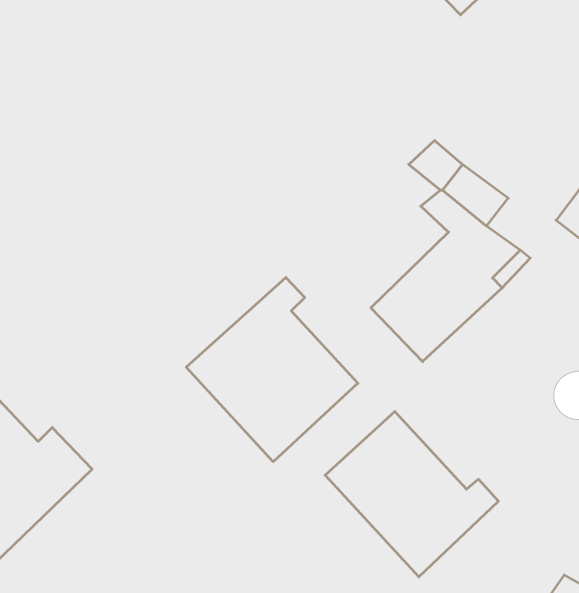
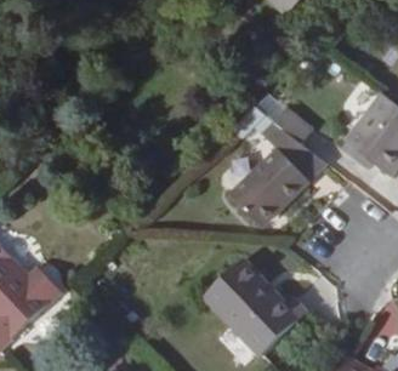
building: [186,277,358,462] -> none

